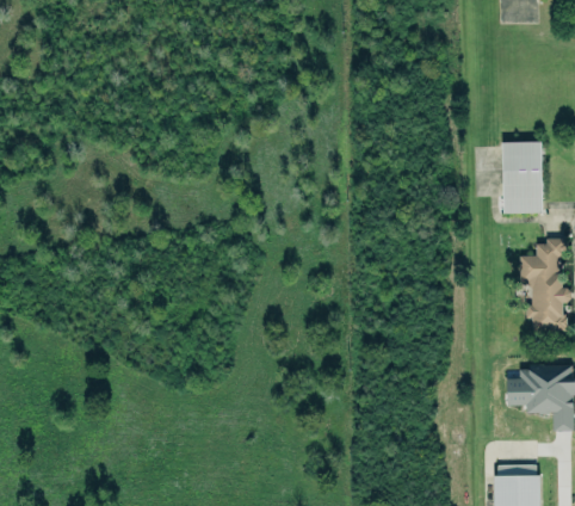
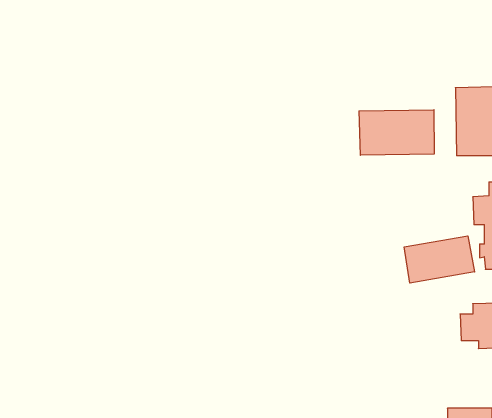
building: none -> [359,110,434,155]
building: none -> [404,236,475,283]

